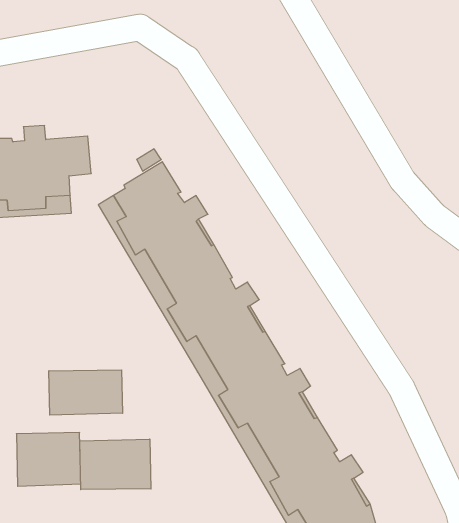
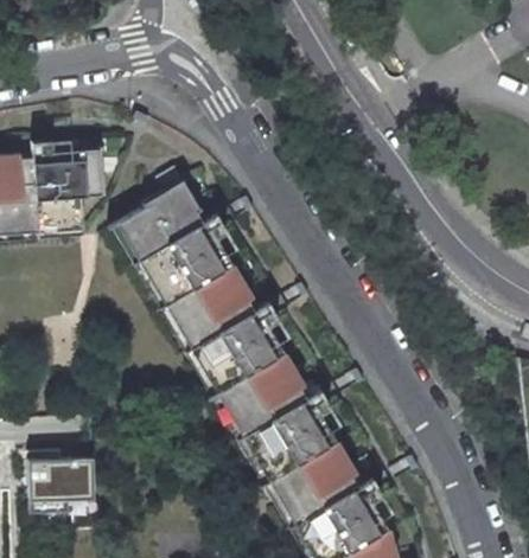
building: [49,370,123,415] -> none
building: [80,439,151,490] -> none

